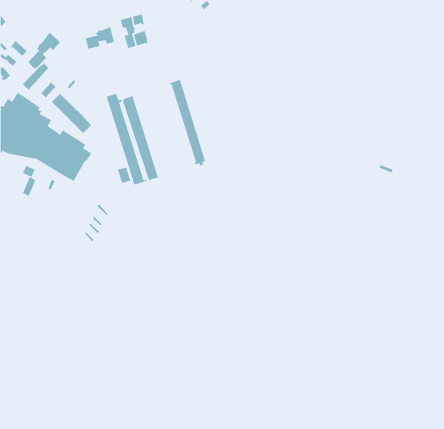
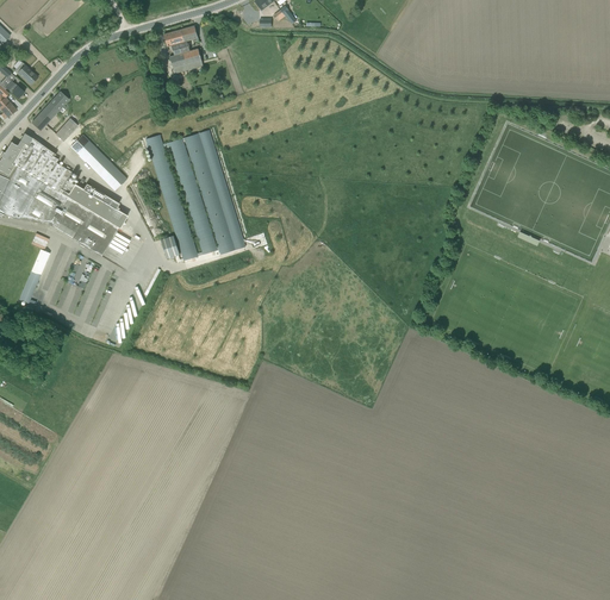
building: [85,27,115,49] -> none
building: [27,32,61,70] -> none
building: [168,79,206,166] -> [183,132,235,251]

